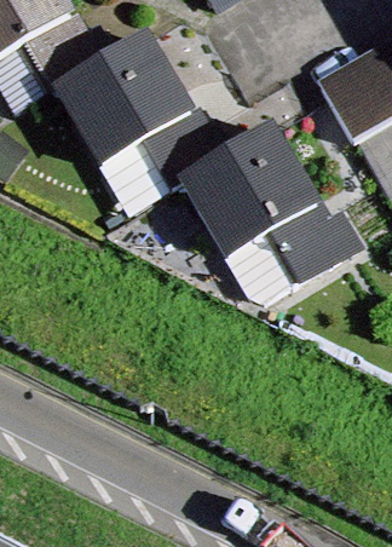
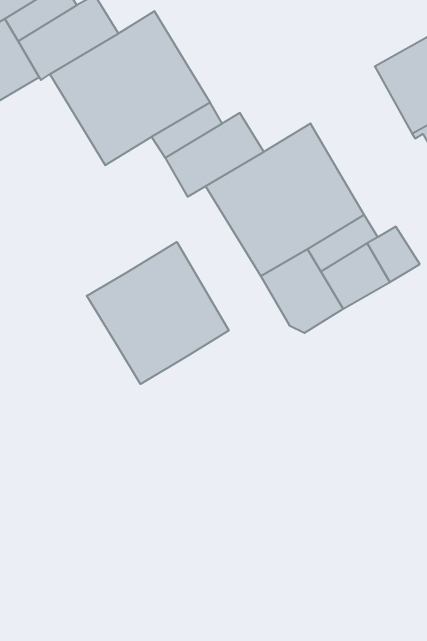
building: none -> [87,242,229,384]

